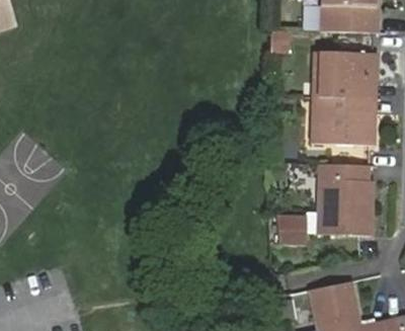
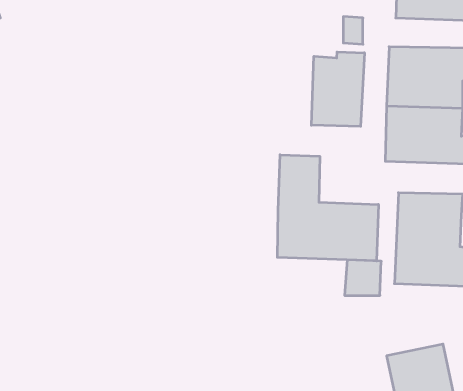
building: none -> [311,52,364,126]
building: none -> [277,155,378,261]

